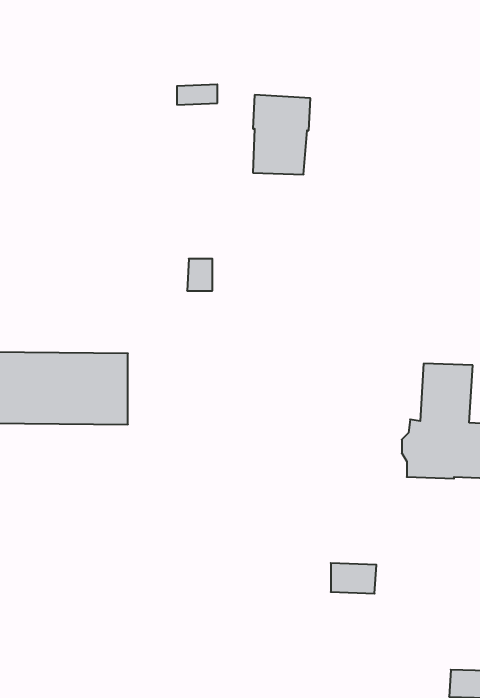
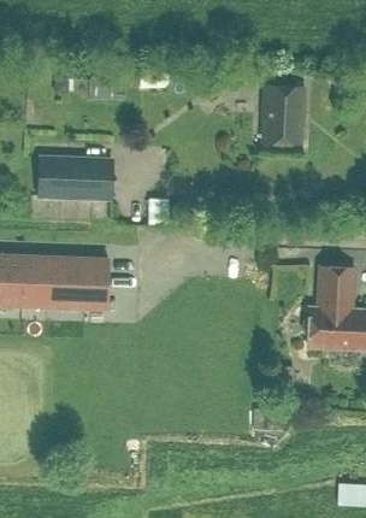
building: [253,95,310,174] -> [264,86,305,142]
building: none -> [39,155,112,199]

